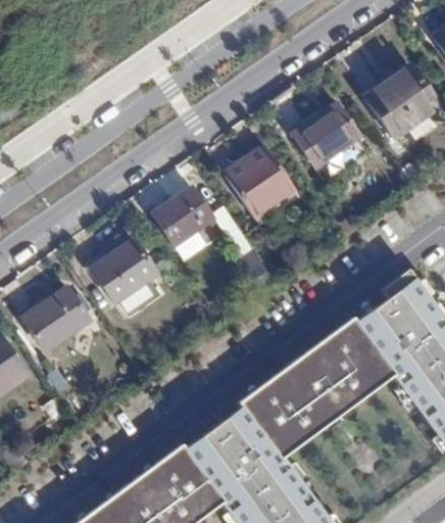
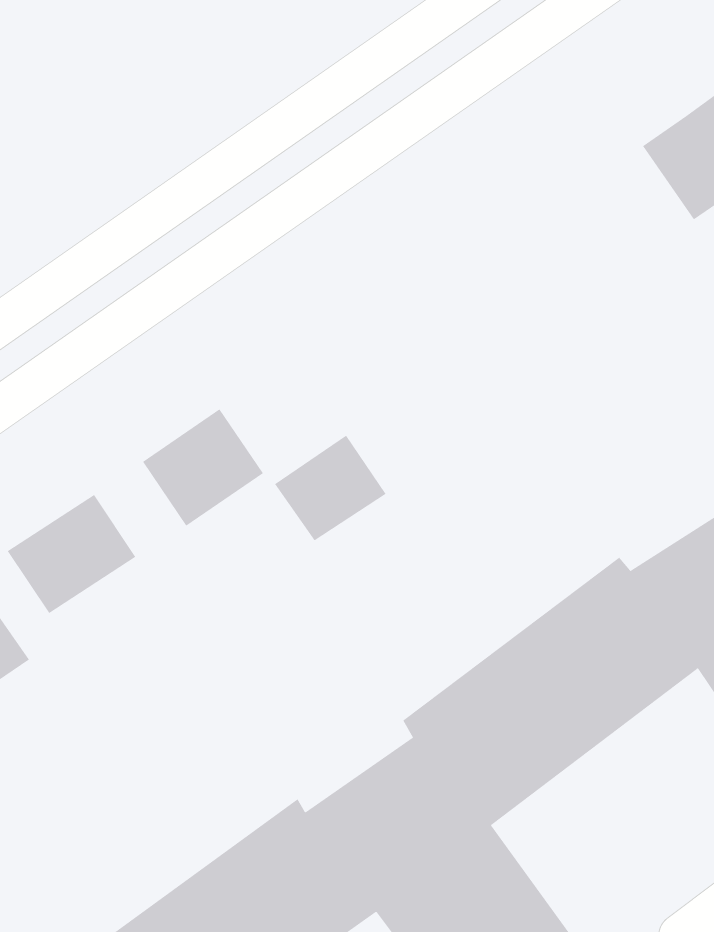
building: [291,103,359,169] -> none
building: [225,148,294,218] -> none
building: [154,186,214,243] -> [274,435,386,541]

